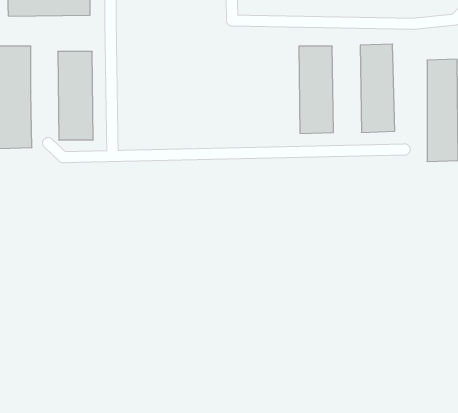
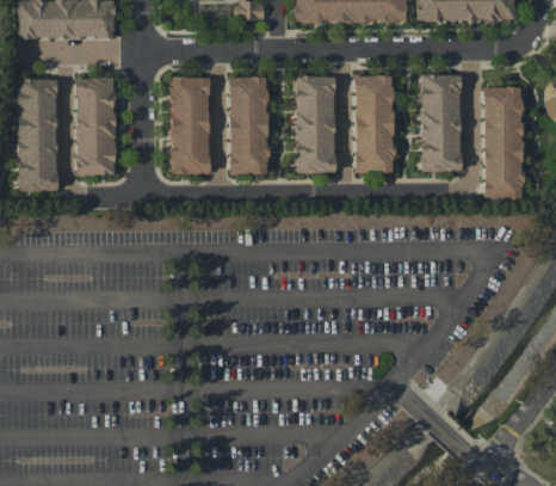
building: none -> [295,75,334,173]
building: none -> [169,76,209,176]
building: none -> [228,76,266,174]

